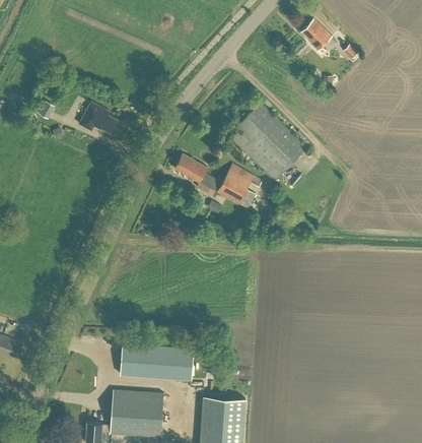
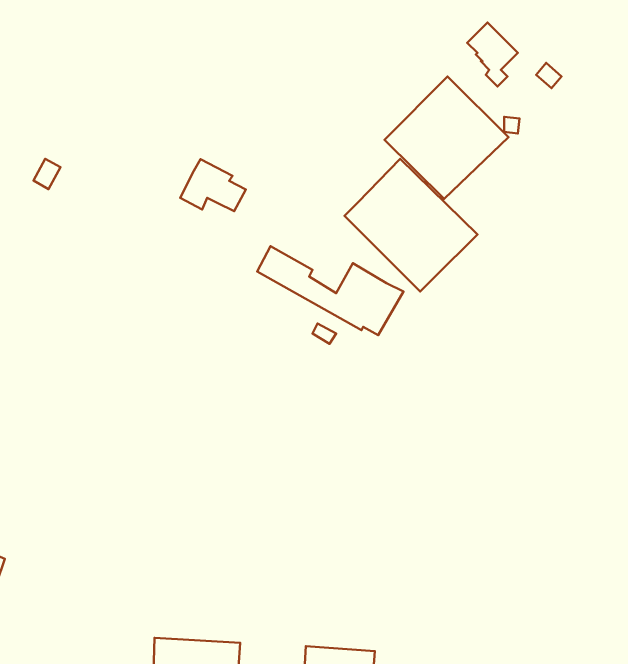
building: none -> [385,76,508,199]
building: [79,102,119,133] -> [180,159,246,211]
building: [120,342,194,380] -> none

